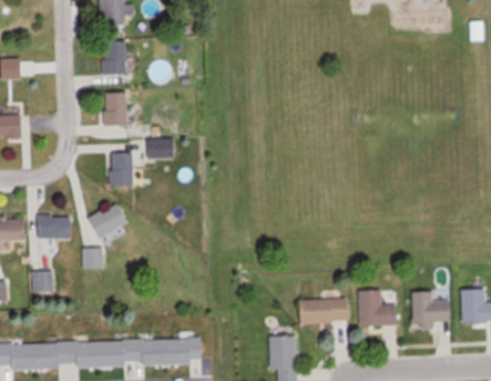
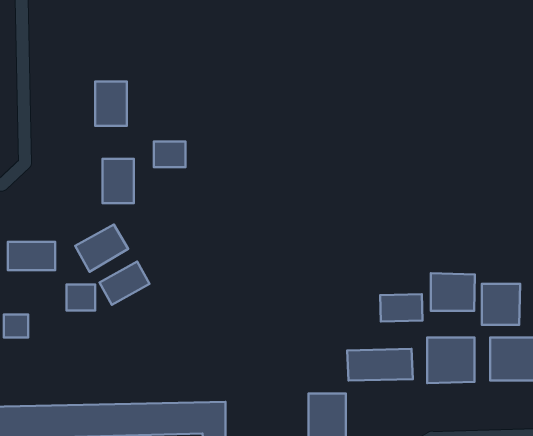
building: [102,40,126,74] -> none
building: none -> [99,262,150,305]
building: none -> [431,273,475,311]
building: none -> [482,284,520,325]
building: none -> [380,294,422,321]

